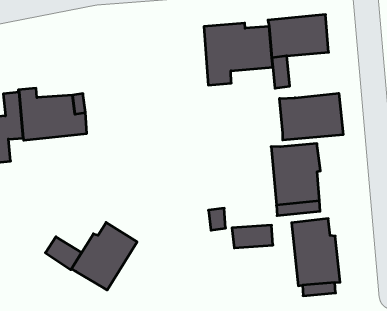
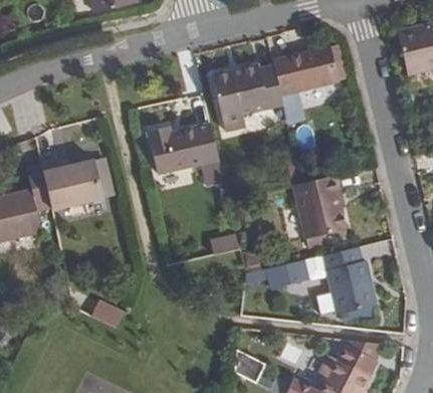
building: none -> [147,123,224,186]
building: [280,93,343,140] -> none
building: [71,222,137,290] -> none

